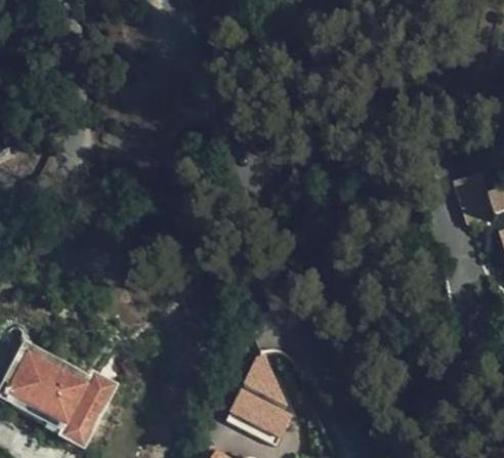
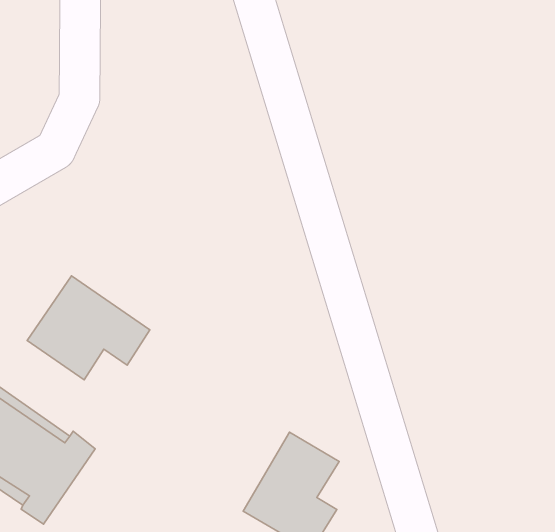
building: none -> [27,276,150,380]

